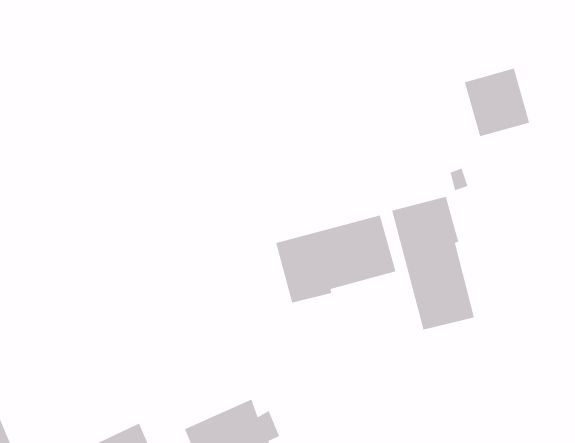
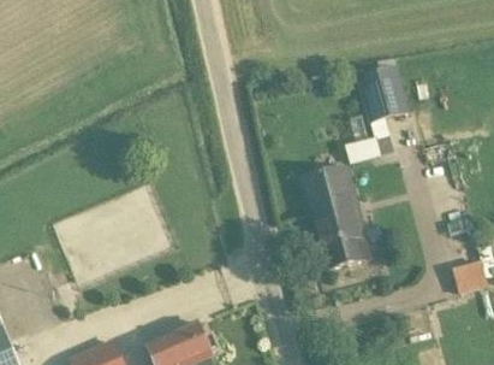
building: [275,215,397,303] -> none

